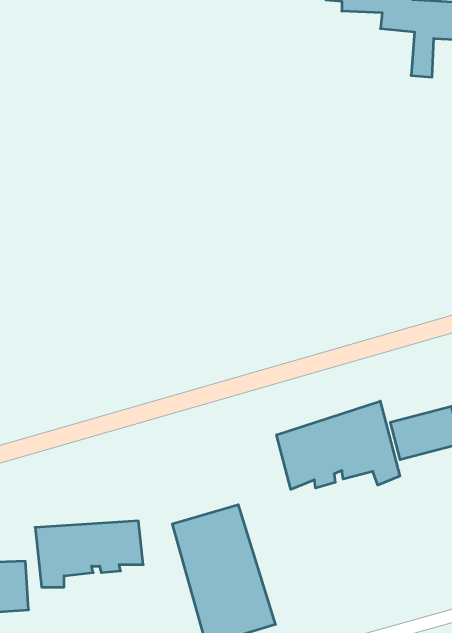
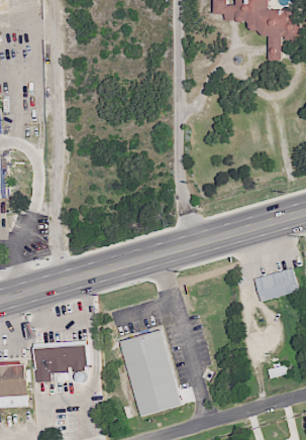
building: [277,401,400,489] -> none

